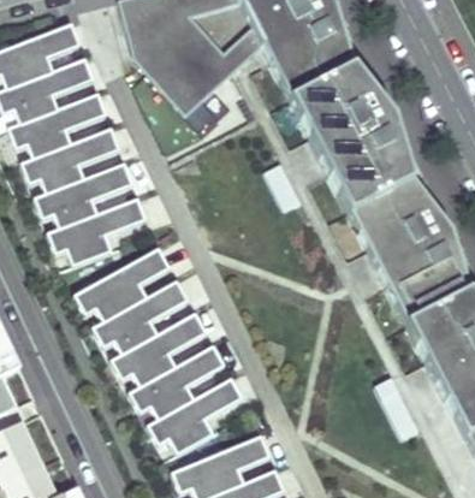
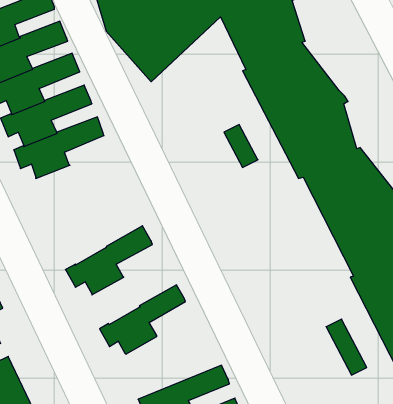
building: [49,194,148,262] -> none
building: [75,247,170,321] -> none
building: [111,310,206,386] -> none
building: [148,375,244,452] -> none

